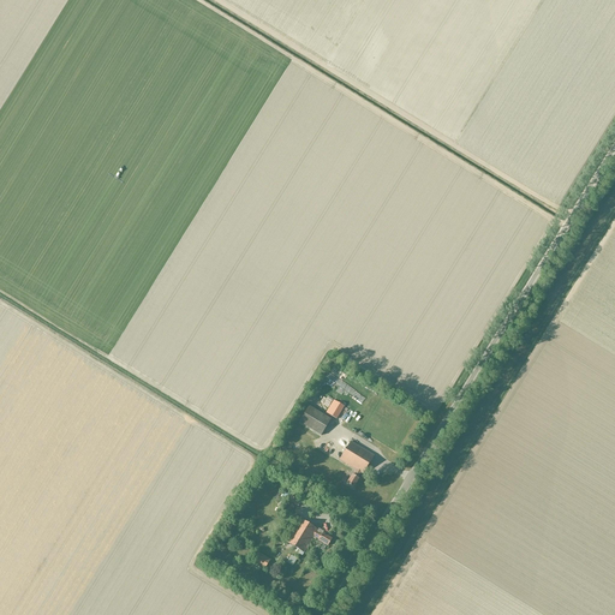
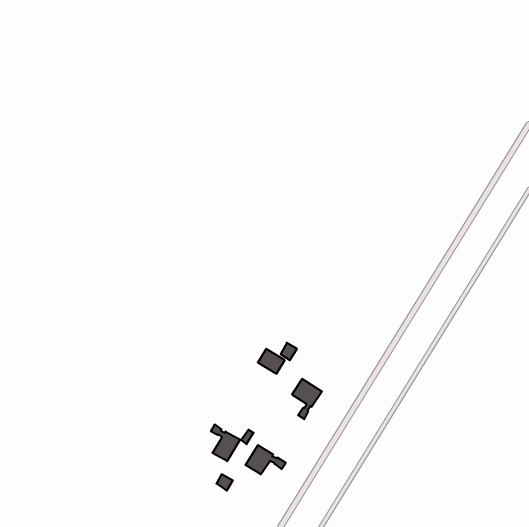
building: none -> [211,424,240,461]

